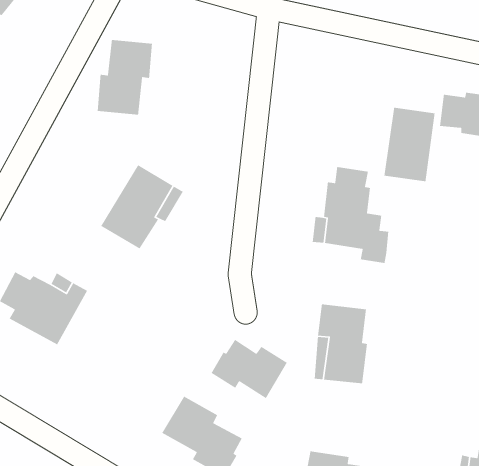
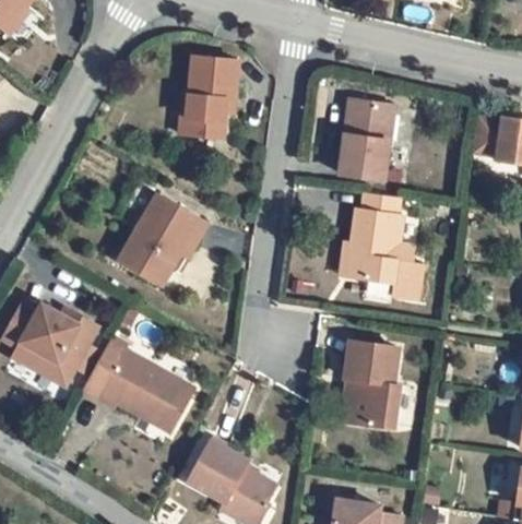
building: [97,39,153,116] -> [179,56,239,138]
building: [383,107,435,182] -> [340,98,395,179]
building: none -> [84,336,195,431]
building: [210,339,288,399] -> none

